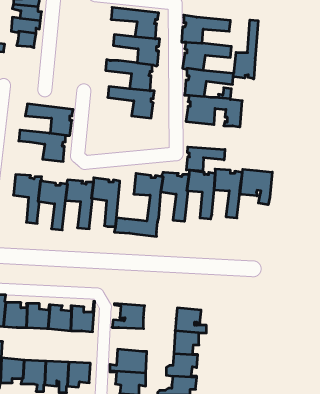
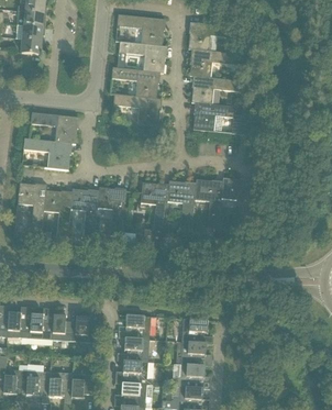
building: [233,20,258,79] -> none
building: [186,147,225,171] -> none
building: [240,169,272,205] -> none
building: none -> [123,337,150,362]

